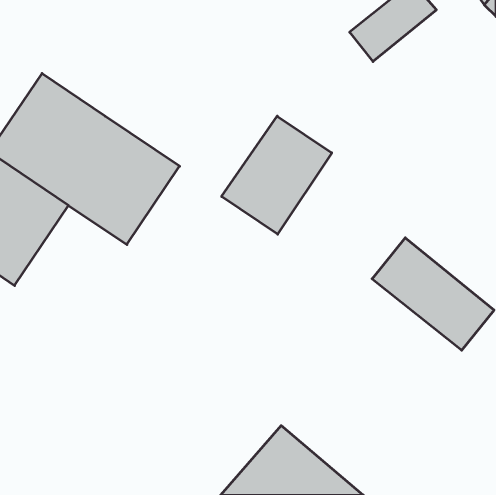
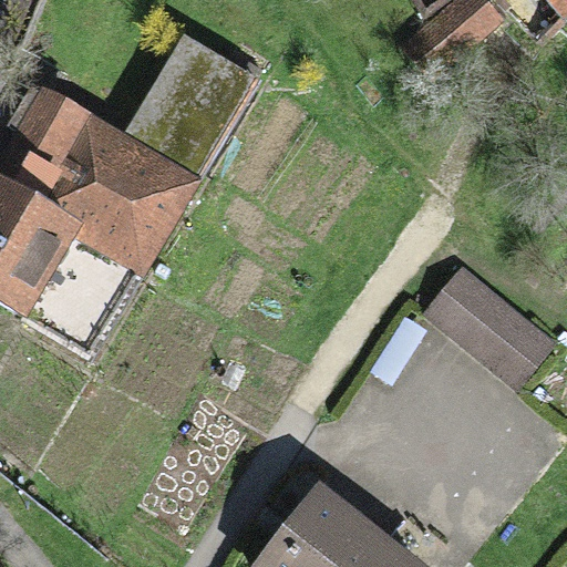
building: none -> [120,34,269,188]
building: [222,116,332,234] -> none

